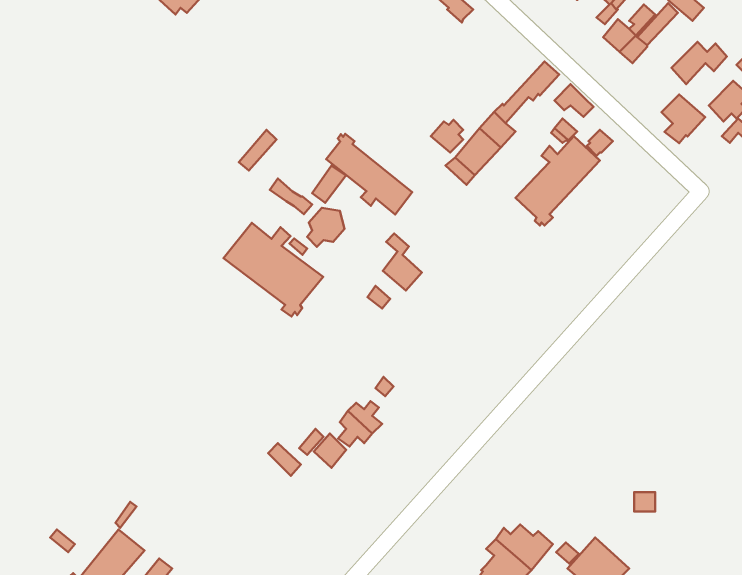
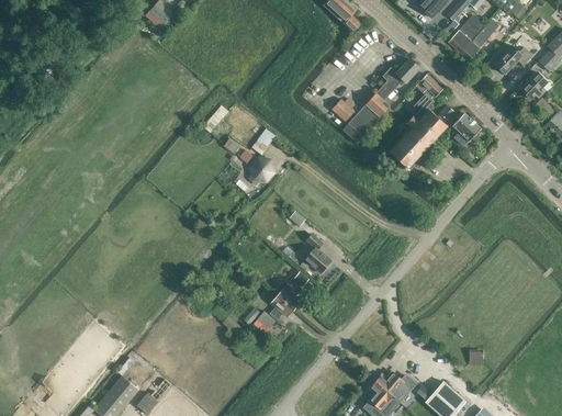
building: [661,94,705,143] -> [452,112,482,145]
building: [326,134,412,215] -> none
building: [224,223,323,316] -> none
building: [383,234,422,290] -> [305,234,331,272]

